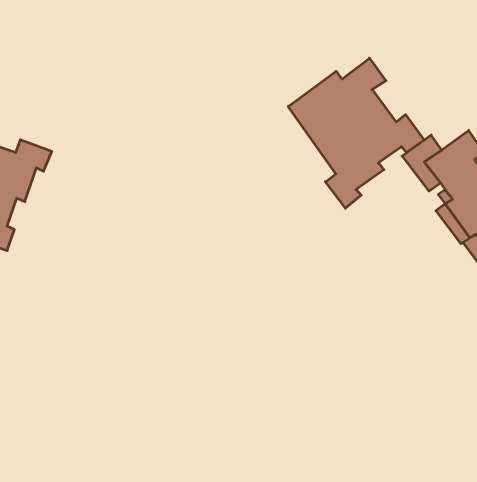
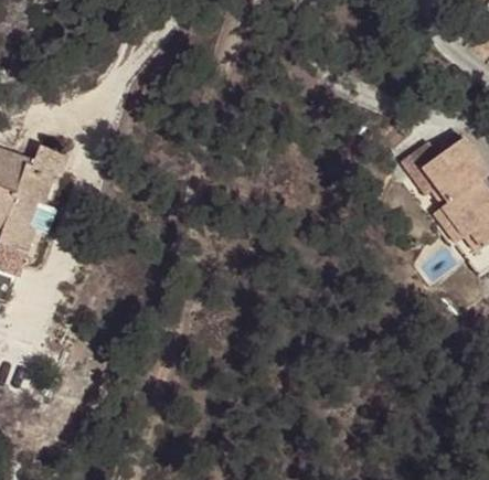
building: [288,58,424,208] -> none

